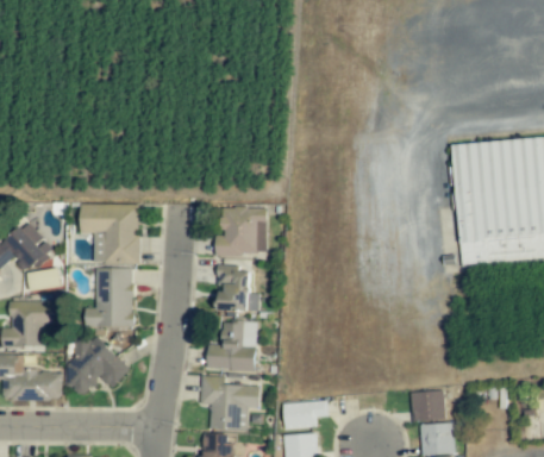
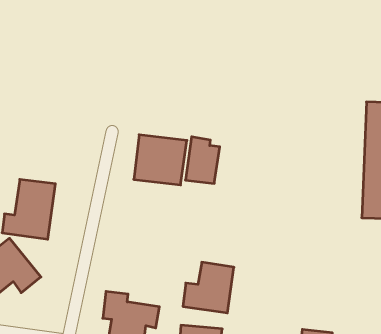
building: [79,204,138,264] -> none
building: [218,264,250,311] -> [185,137,220,183]
building: [207,321,256,371] -> [183,262,234,313]

